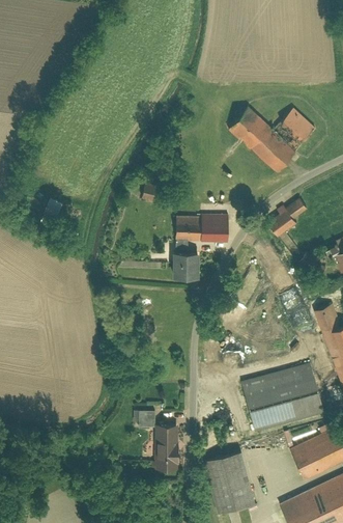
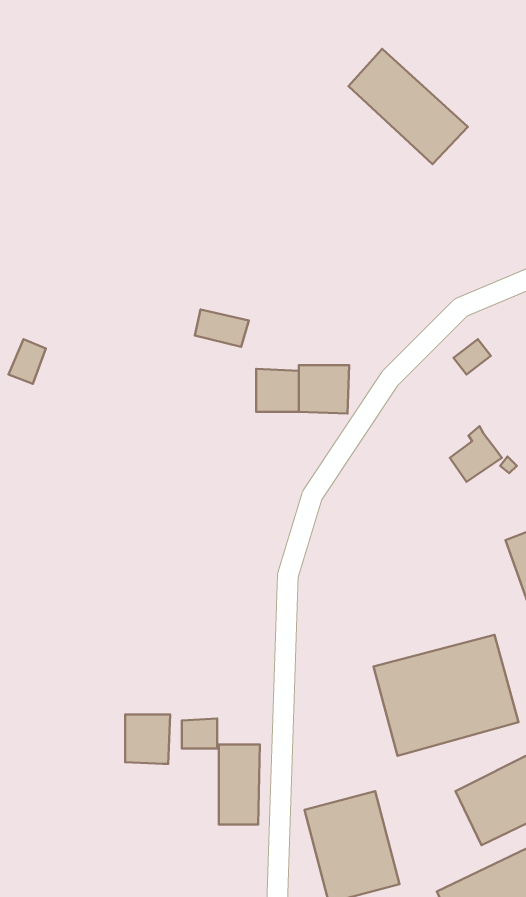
building: [228,108,294,172] -> [349,49,468,164]
building: [281,109,315,141] -> none
building: [266,205,295,237] -> [450,426,502,482]
building: [172,252,198,280] -> none
building: none -> [125,714,170,764]

